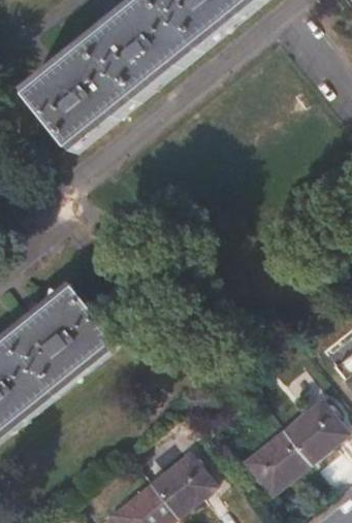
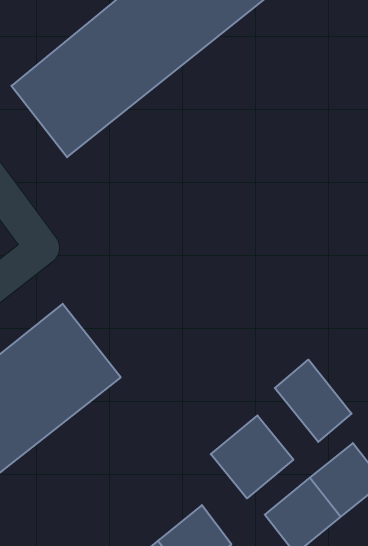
building: none -> [275,360,352,442]
building: none -> [211,415,293,498]

